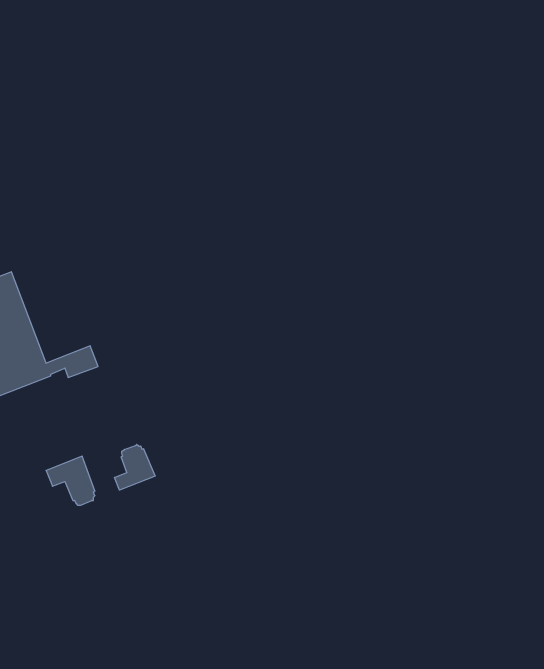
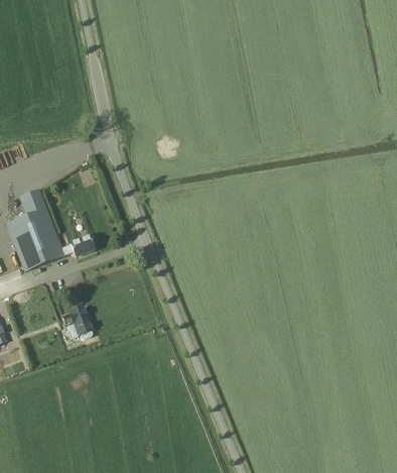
building: [115,444,155,490] -> none

